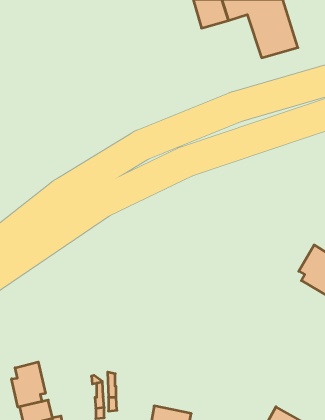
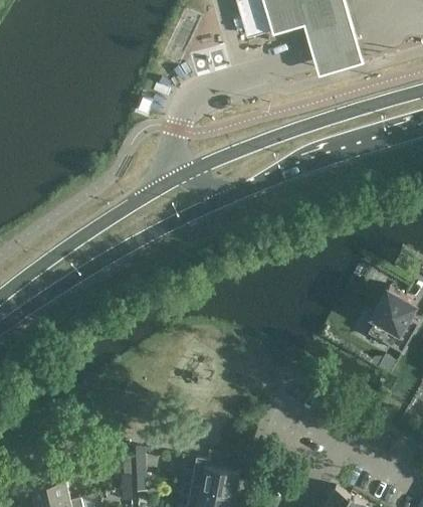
building: [12,362,45,407] -> none
building: none -> [192,458,240,495]

